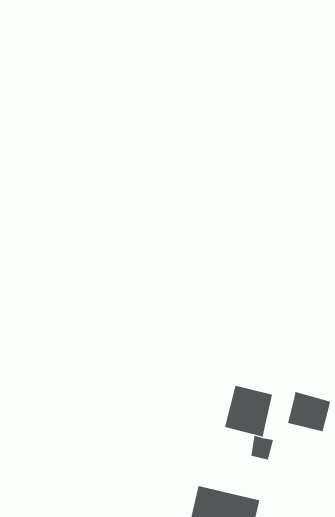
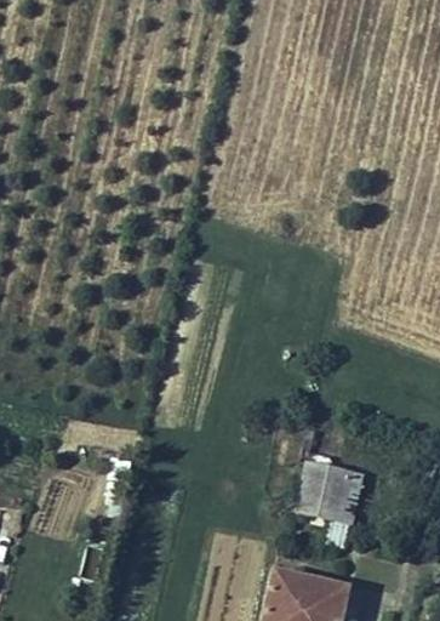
building: [288,391,331,432] -> none

